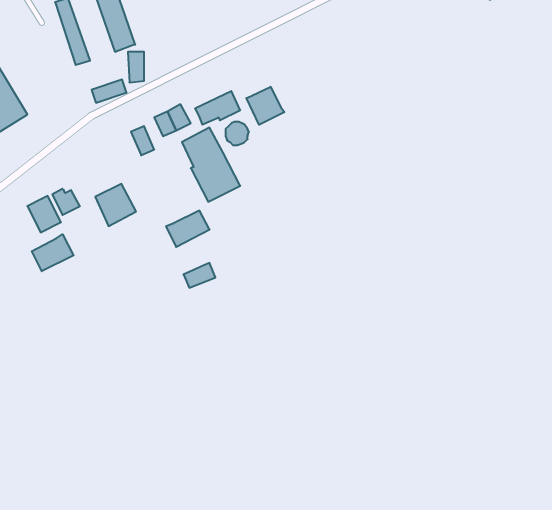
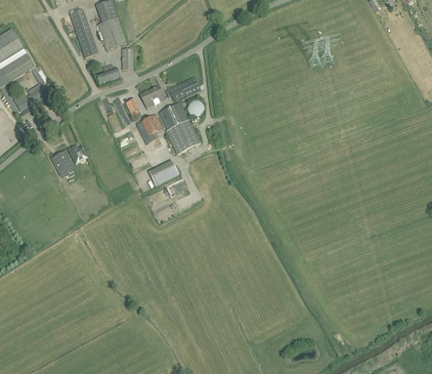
building: [246,87,284,125] -> none
building: [95,184,136,226] -> [136,114,165,143]
building: [32,234,74,271] -> none

